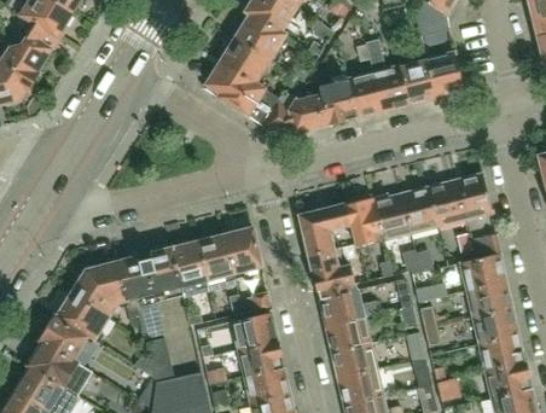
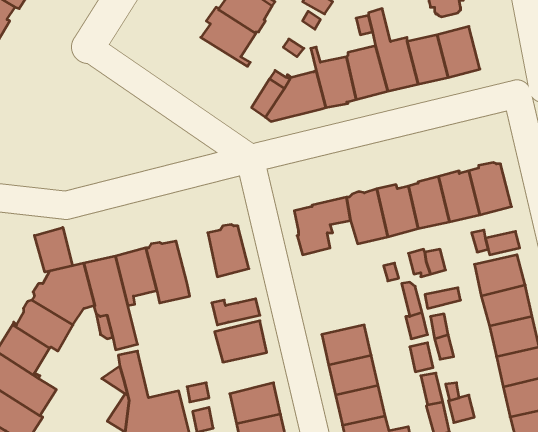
building: [202,63,260,115] -> none
building: none -> [34,227,73,272]
building: [197,234,236,290] -> none
building: [308,246,354,292] -> none
building: [319,289,379,324] -> none
building: [238,338,283,376] -> none

